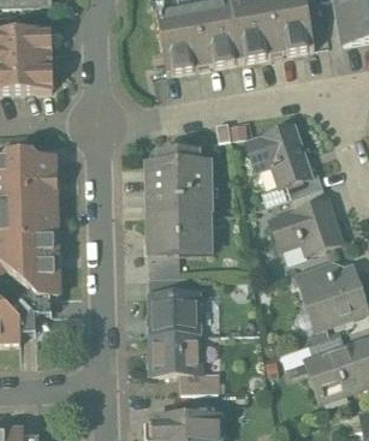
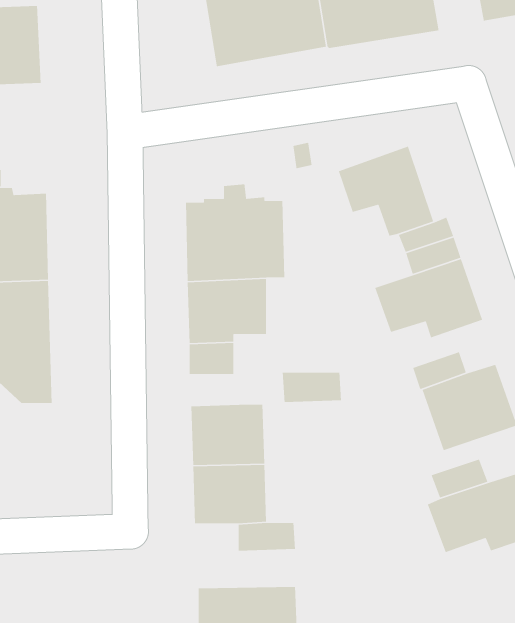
building: [148,274,188,294] -> [282,372,342,403]

